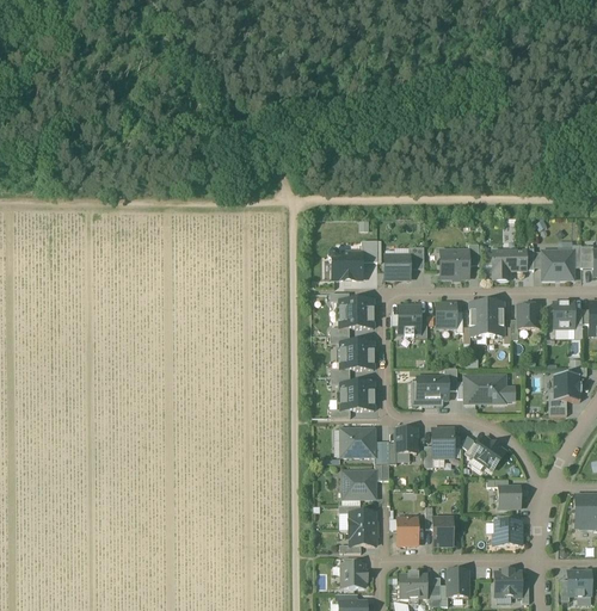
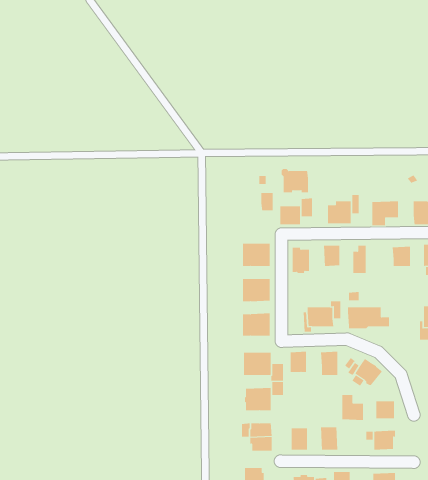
building: [330,249,363,278] -> [281,168,309,193]
building: [487,302,504,335] -> none
building: none -> [342,394,363,421]

